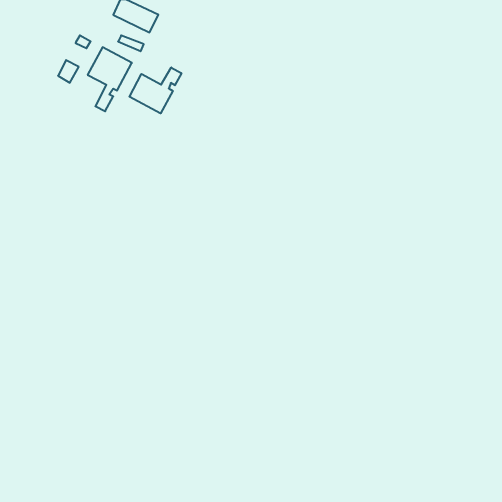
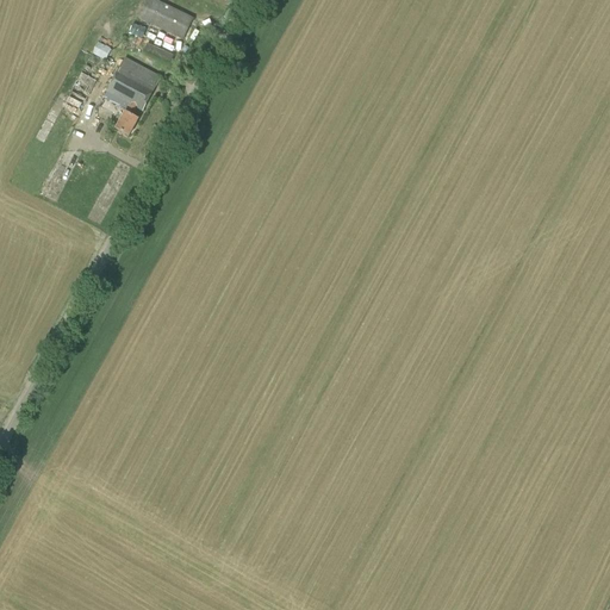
building: [129,67,181,113] -> none

